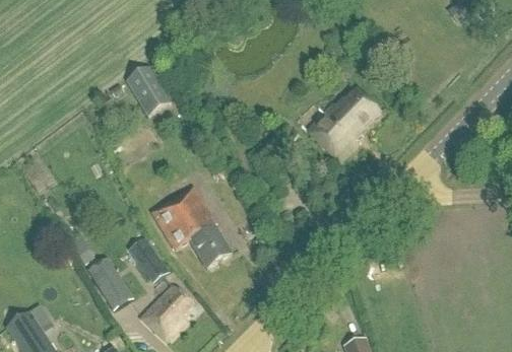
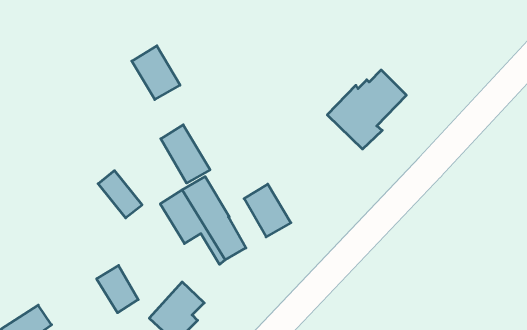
building: none -> [161,125,210,183]
building: none -> [244,184,291,237]
building: [132,238,173,282] -> [98,171,142,218]

